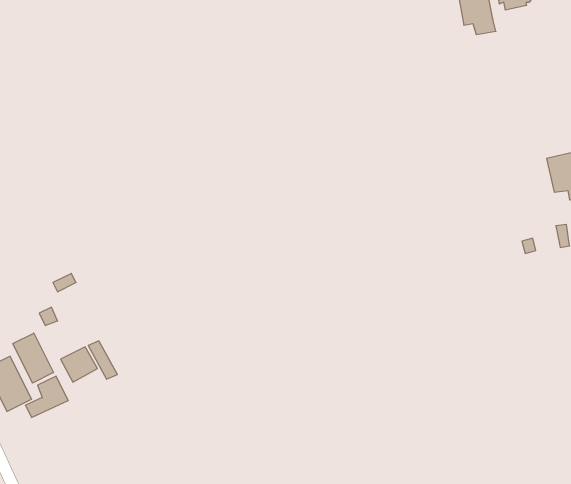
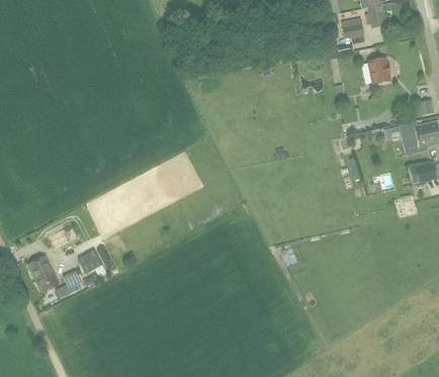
building: none -> [370,57,390,82]
building: [13,333,54,383] -> none

